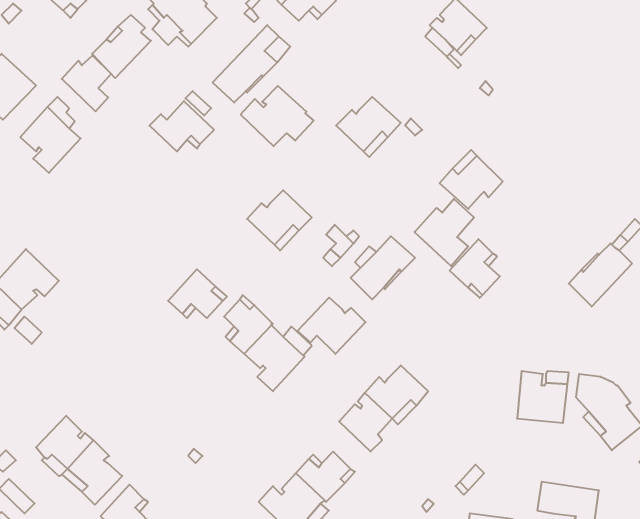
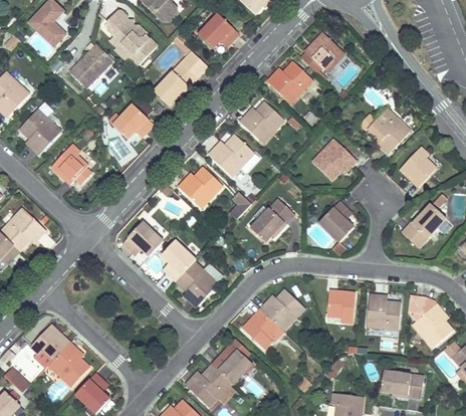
building: none -> [267,61,312,103]
building: [62,55,111,111] -> none
building: [241,86,314,146] -> [208,135,259,177]
building: none -> [359,109,410,155]
building: none -> [50,144,90,185]
building: none -> [399,147,436,187]
building: [414,199,474,266] -> none
building: [297,298,366,354] -> none
building: none -> [325,289,355,324]

